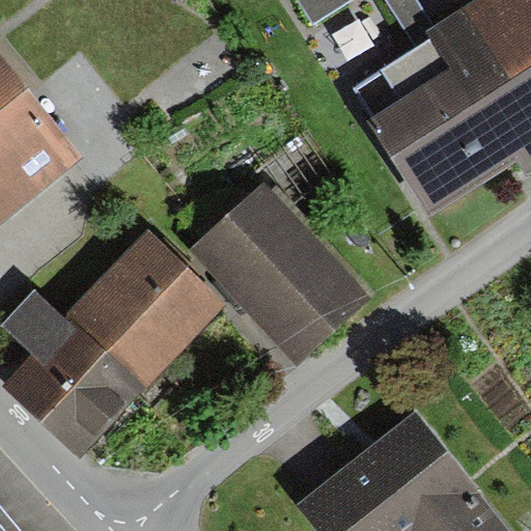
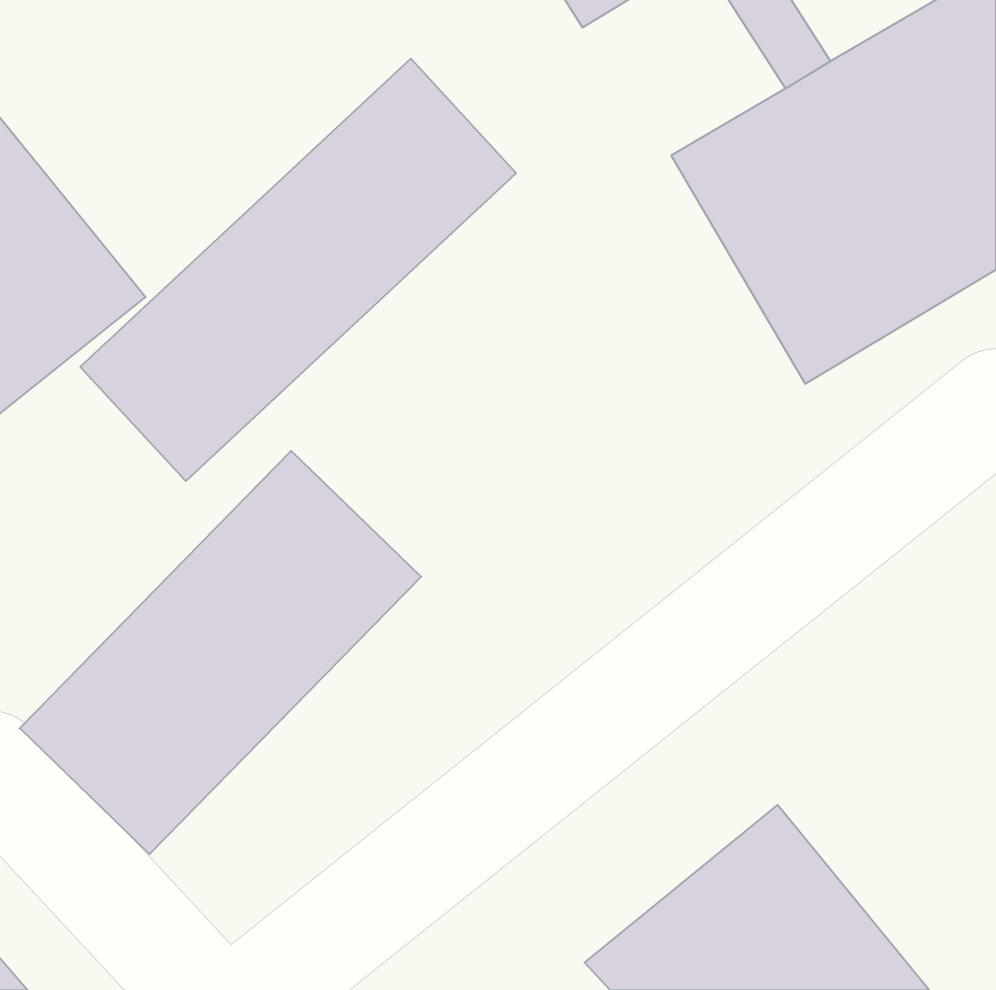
building: none -> [80,59,516,481]
building: [204,192,366,356] -> none

